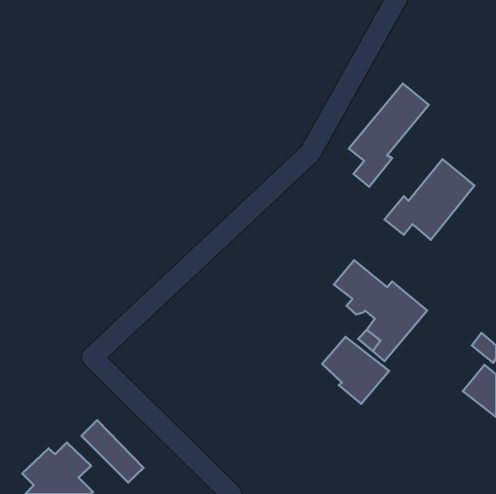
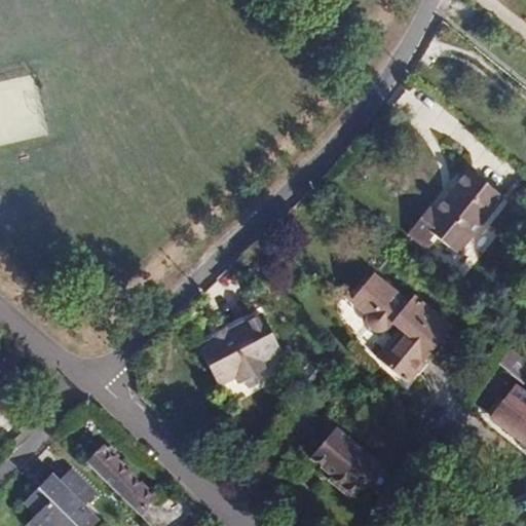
building: [349,83,429,187] -> none
building: none -> [199,323,268,386]
building: [322,337,389,404] -> [314,431,385,502]

